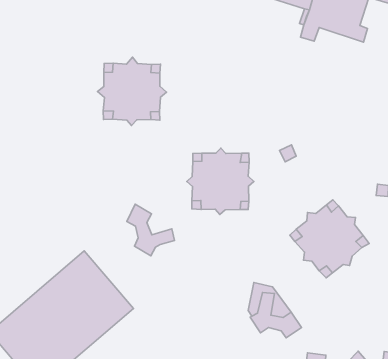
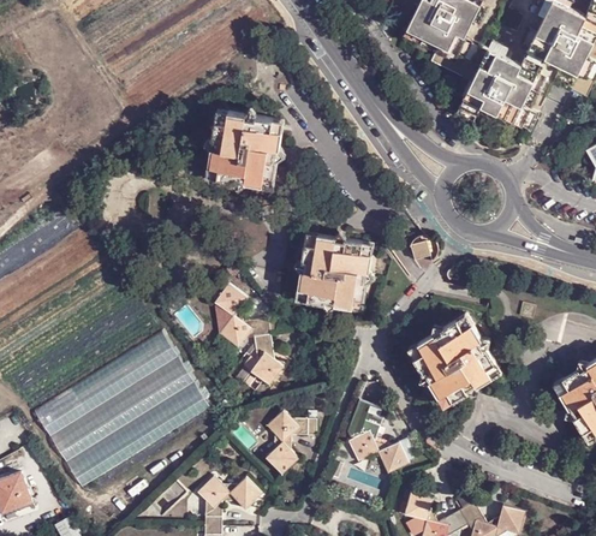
building: none -> [251,334,284,385]
building: none -> [264,410,315,474]

